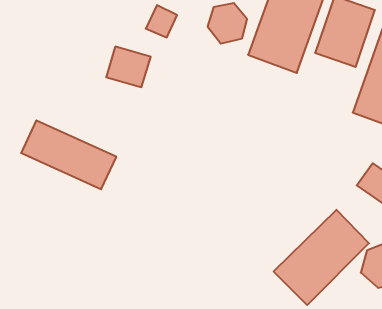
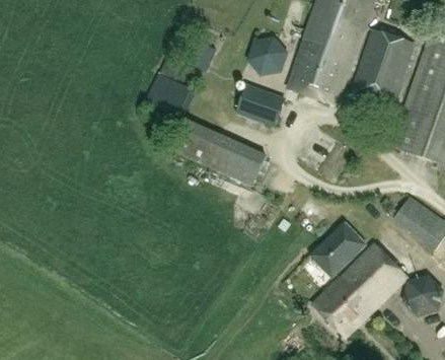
building: none -> [234,85,284,129]
building: [21,120,116,189] -> [172,118,268,187]
building: none -> [310,221,366,277]

